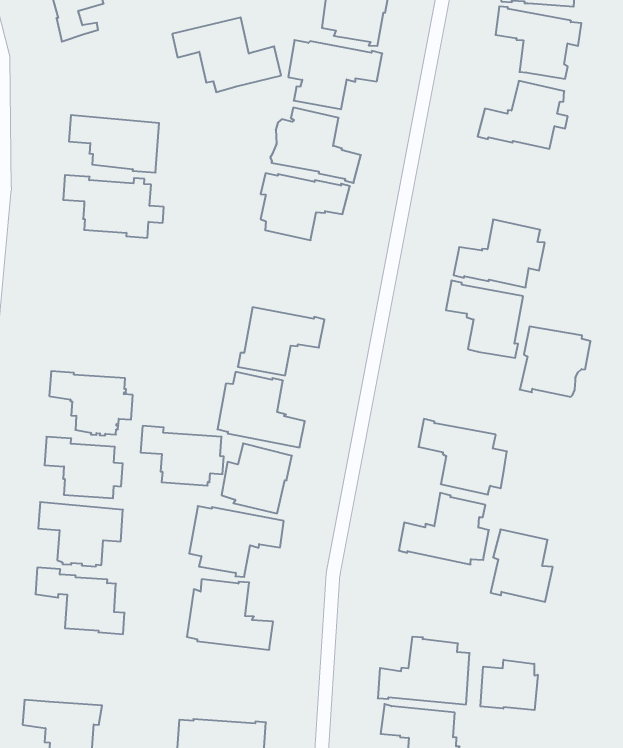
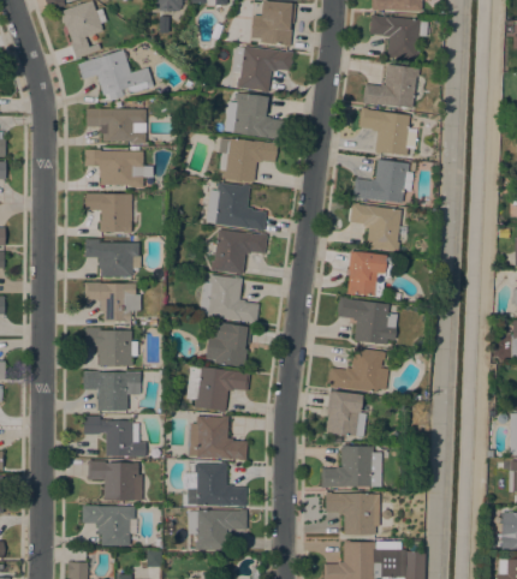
building: [172,17,281,92] -> [77,49,153,101]
building: none -> [357,107,416,155]
building: none -> [206,183,266,231]
building: none -> [85,193,131,232]
building: [520,326,591,397] -> [346,251,392,297]
building: [141,426,224,486] -> [84,239,141,276]
building: [491,529,553,602] -> [326,390,367,437]
building: none -> [88,460,142,501]
building: none -> [188,464,245,506]
building: [480,660,538,710] -> none

